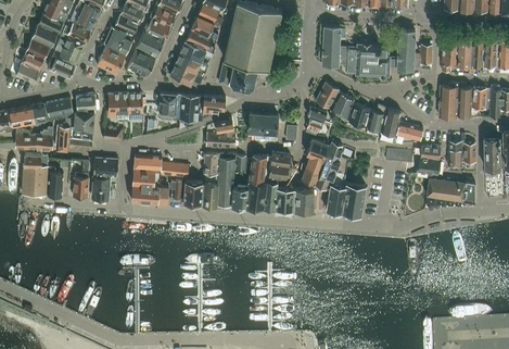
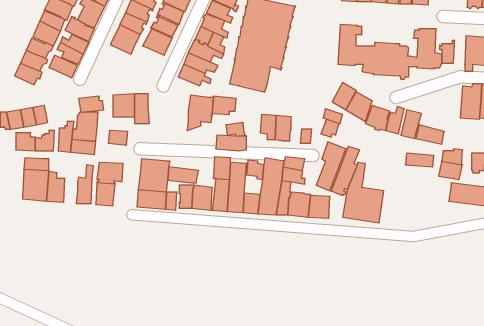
building: [97,48,125,75] -> none
building: [127,48,156,77] -> none
building: [144,94,181,119] -> none
building: [42,99,72,121] -> none

